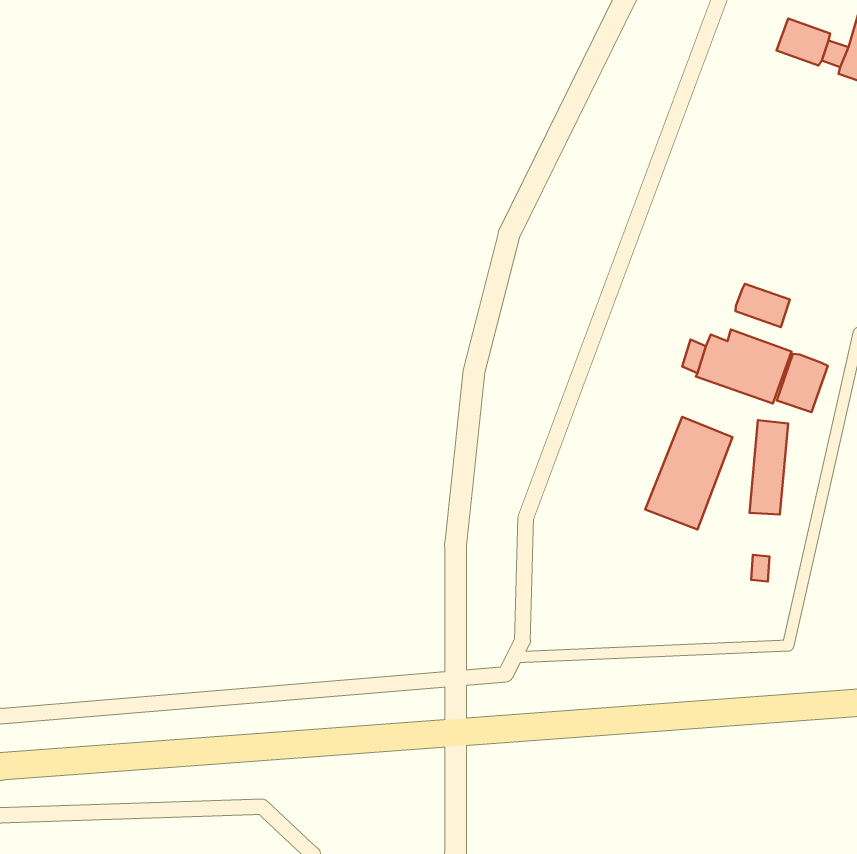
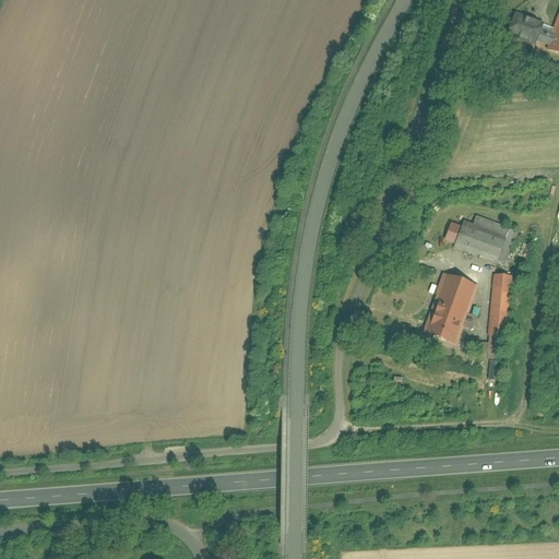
building: [736,284,790,327] -> none
building: [777,354,828,412] -> none

